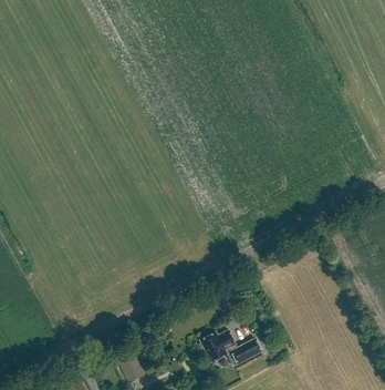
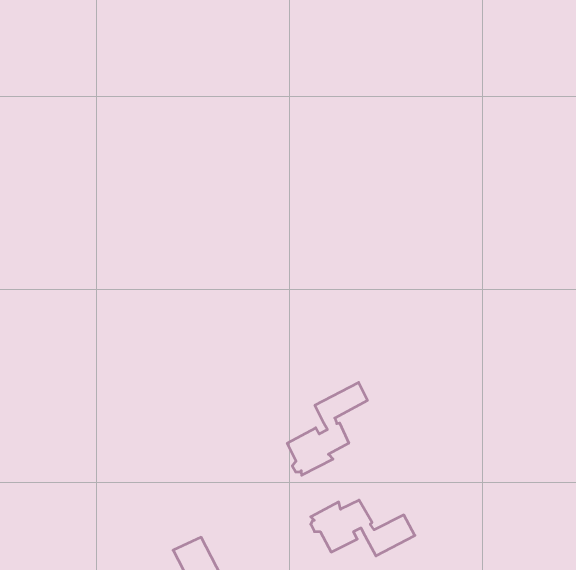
building: none -> [287,382,367,475]

